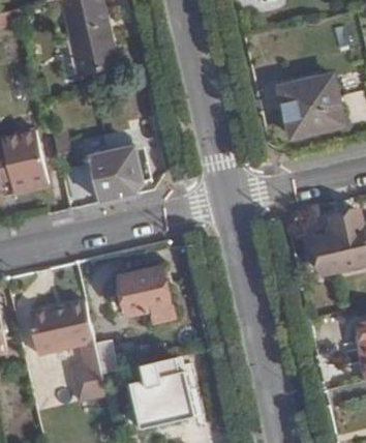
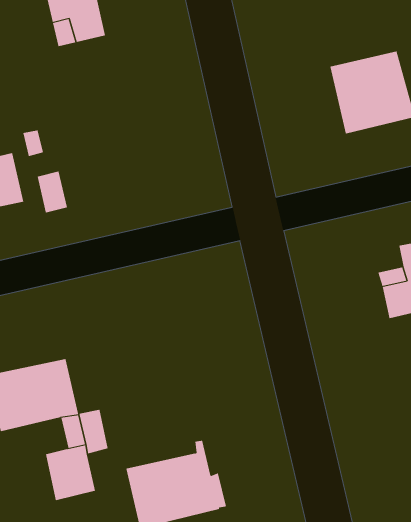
building: [89,147,144,202] -> none
building: [119,268,169,319] -> none

